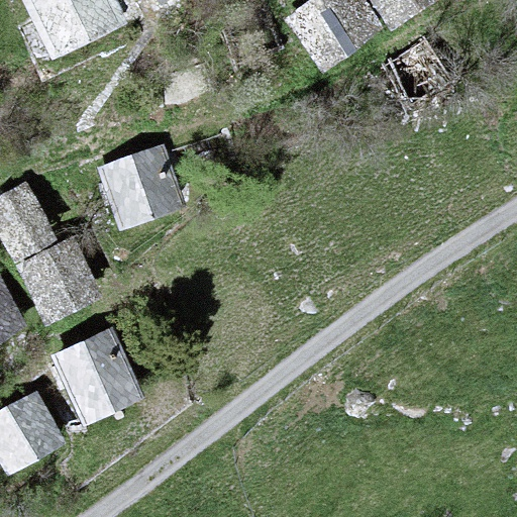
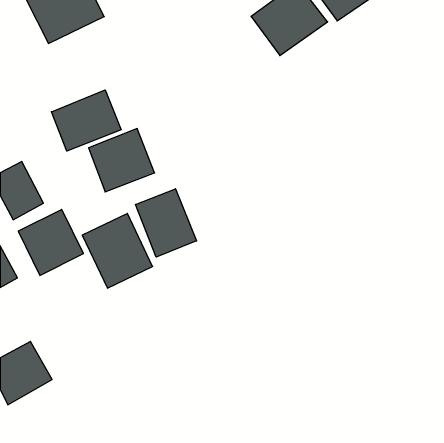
building: none -> [51,90,121,151]
building: none -> [136,189,197,257]
building: [57,333,138,420] -> [82,213,153,288]

